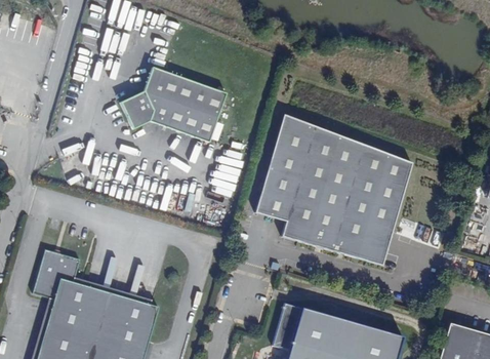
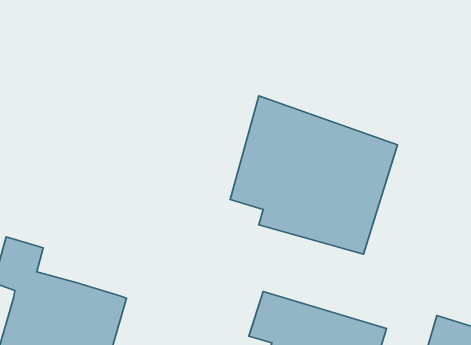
building: [120,66,226,142] -> none

